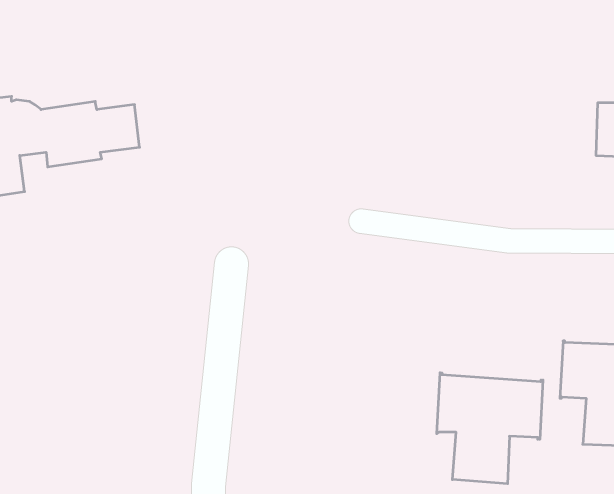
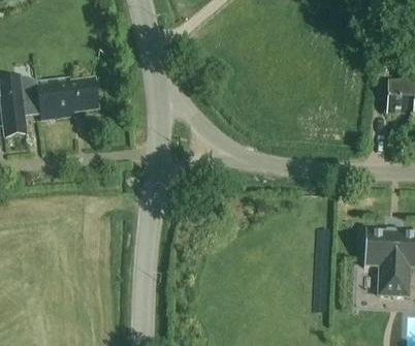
building: [437,373,543,484] -> none

